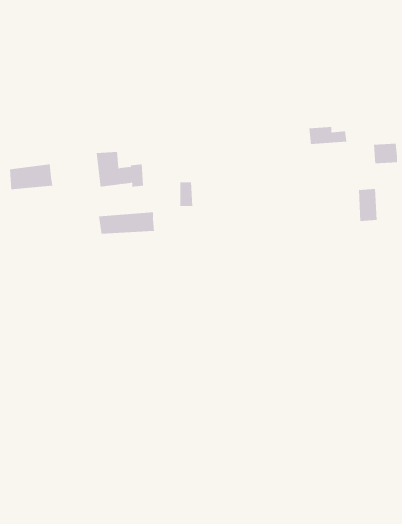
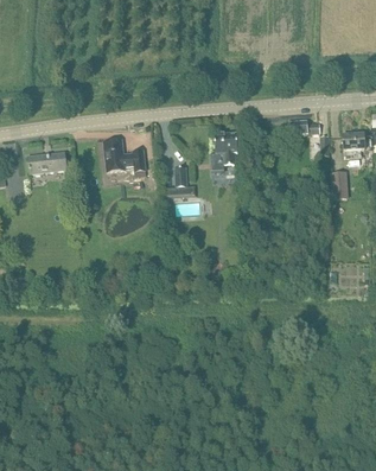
building: none -> [214,132,237,164]
building: [98,211,155,235] -> none

